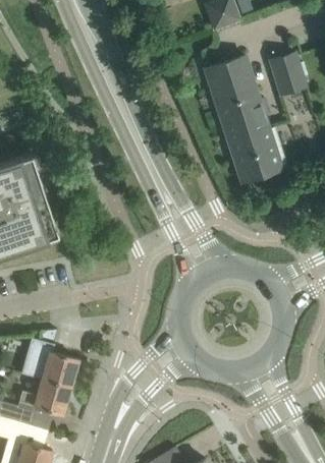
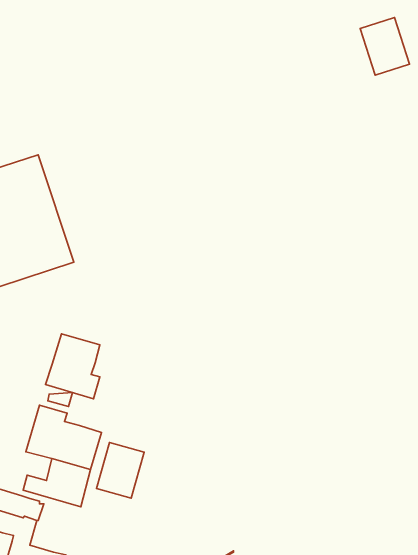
building: [205,57,280,184] -> none
building: none -> [45,334,100,399]
building: none -> [97,443,144,498]

